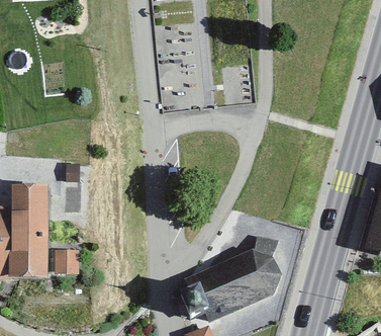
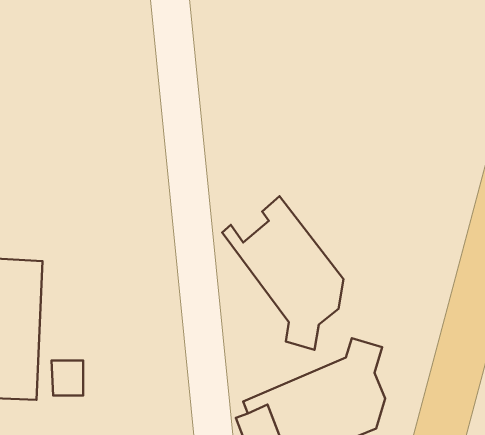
building: none -> [222,196,343,350]

